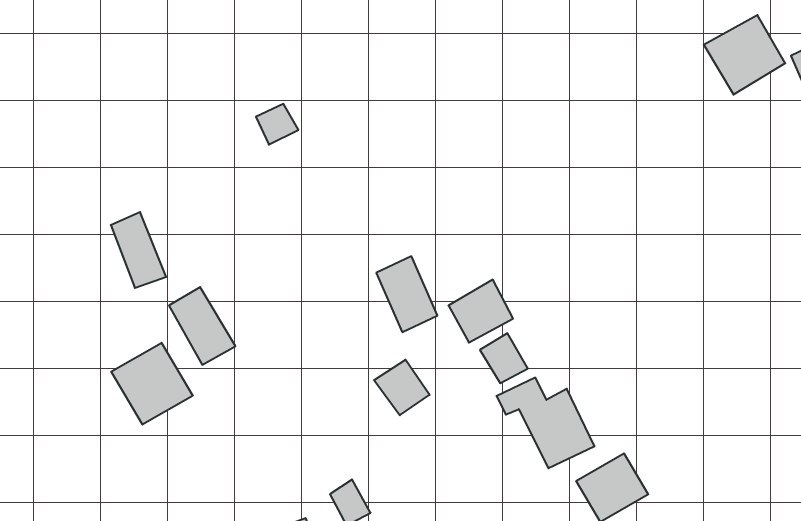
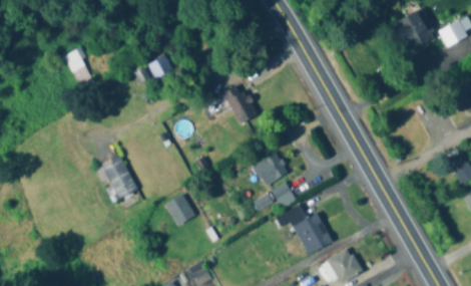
building: [111,212,166,288] -> [63,49,93,90]
building: [376,256,437,332] -> [223,83,257,124]
building: [111,343,193,425] -> none
building: [374,360,430,415] -> [164,195,194,225]

